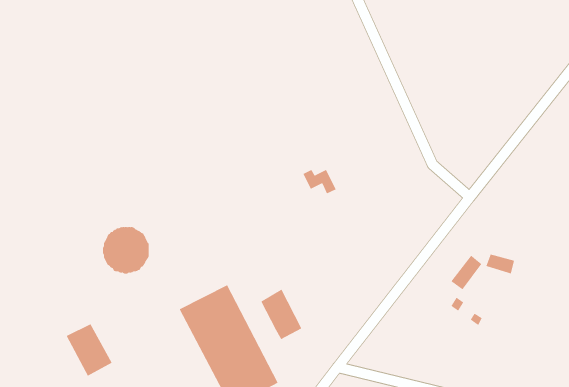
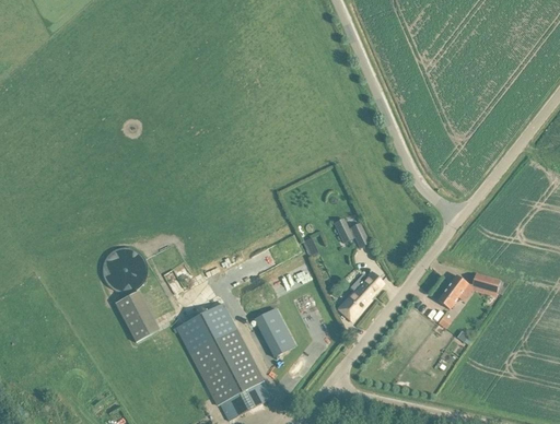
building: [303,169,337,194] -> [336,223,369,247]
building: none -> [337,271,383,320]
building: [66,323,112,377] -> [114,291,159,342]

